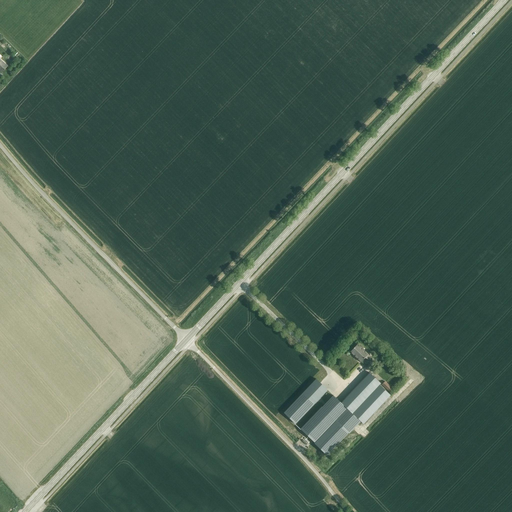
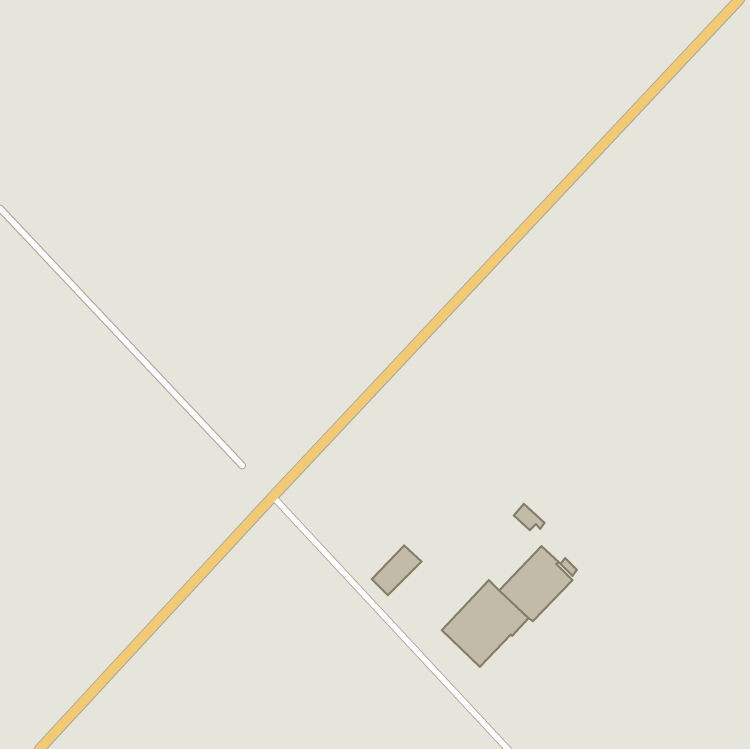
building: [284,389,318,423] -> [372,545,422,595]

